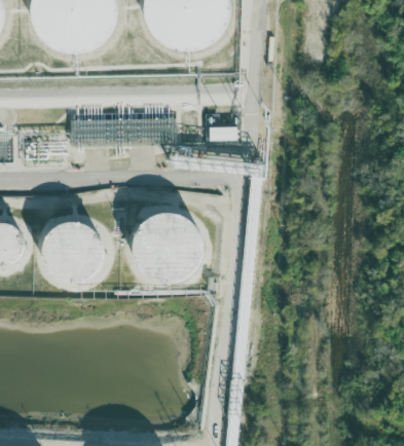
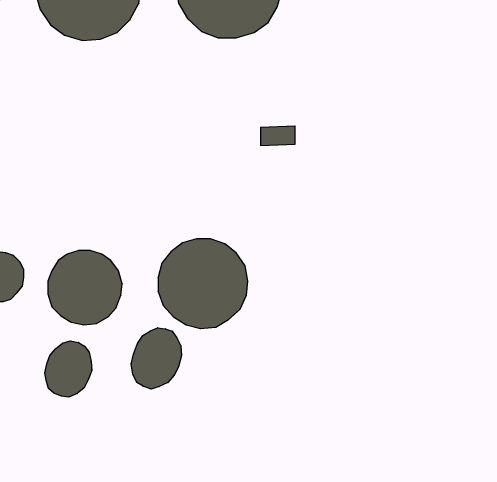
building: none -> [131,328,182,389]
building: none -> [45,341,92,397]

